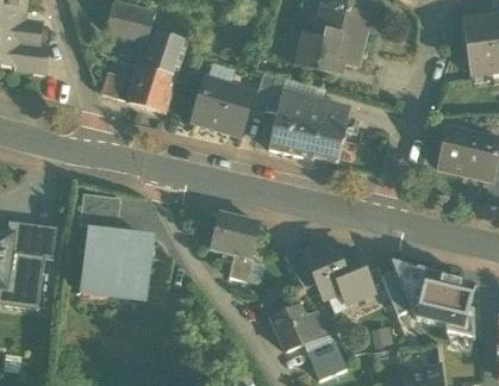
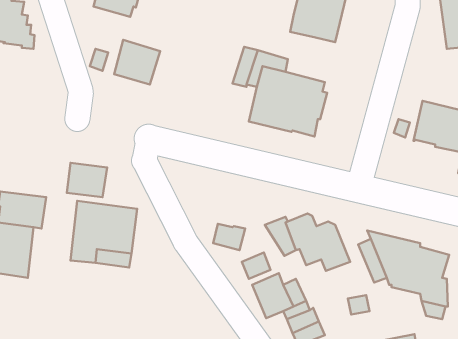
building: [137,29,186,75] -> none
building: [286,32,336,71] -> none
building: [194,77,250,132] -> none
building: [212,212,260,257] -> none

